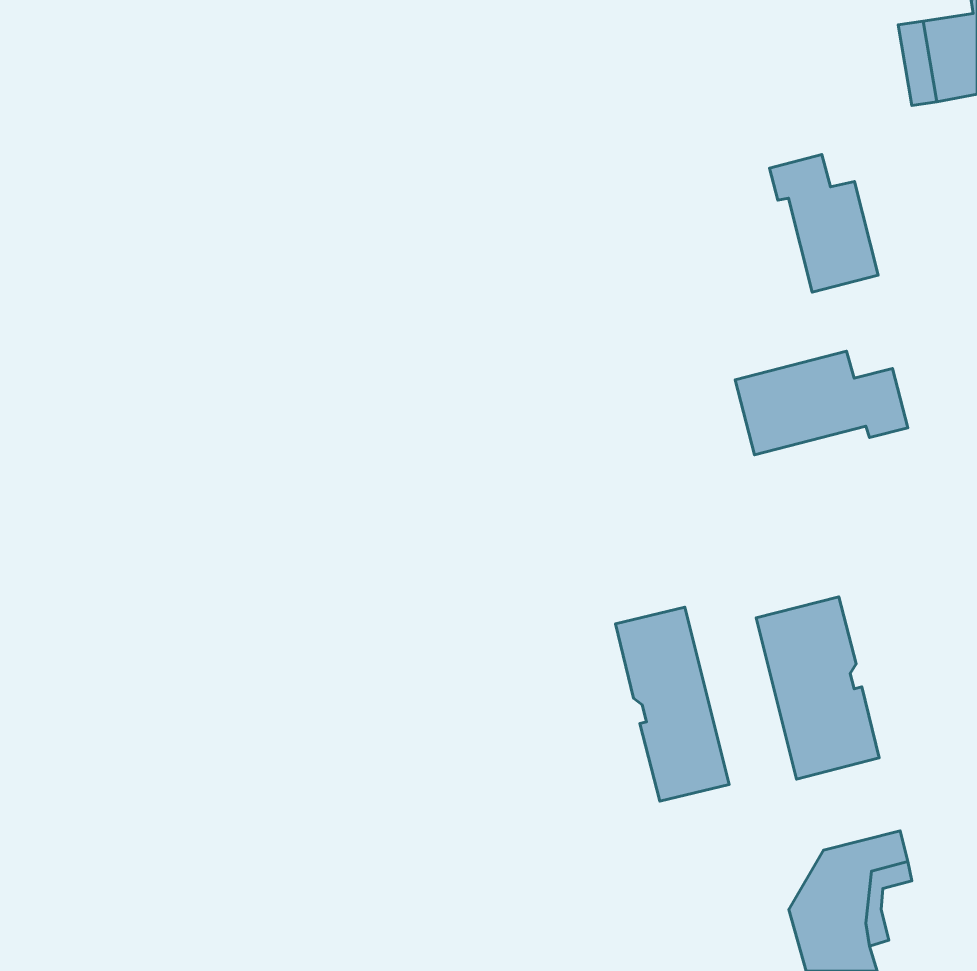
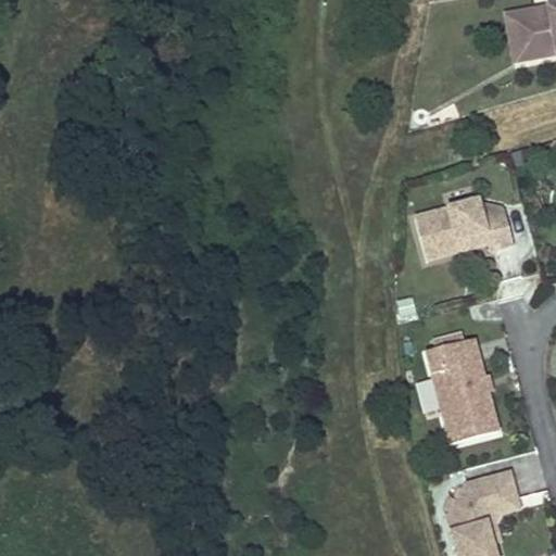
building: [769,155,878,292] -> none
building: [616,607,729,801] -> none

